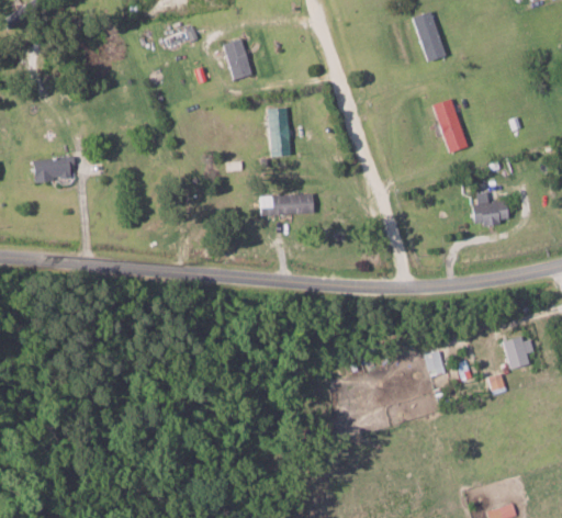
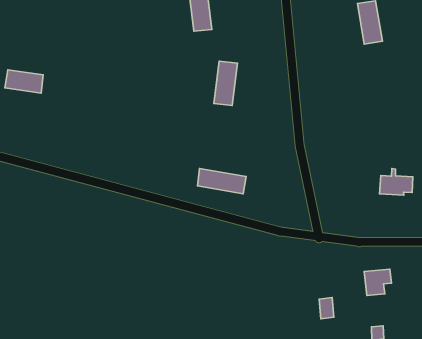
building: [435,99,468,154] -> none
building: [260,195,314,215] -> [197,169,246,194]
building: [502,336,535,370] -> [364,269,391,296]

